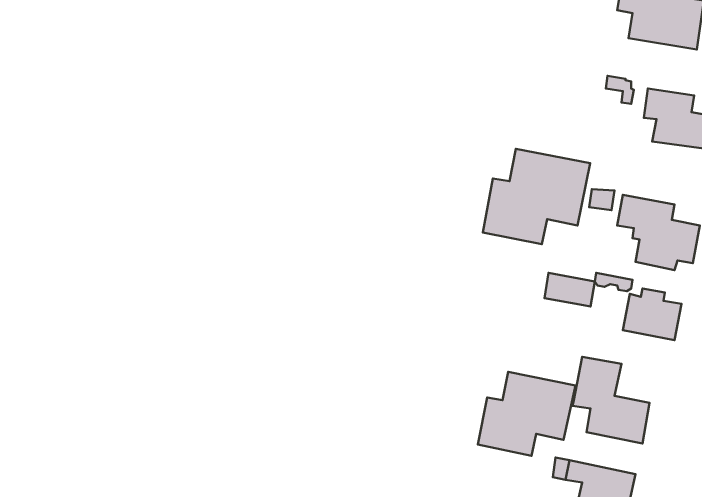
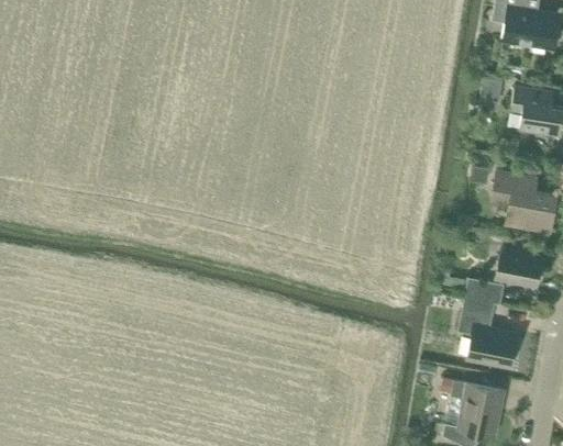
building: [483,149,590,244] -> none
building: [544,273,595,307] -> [465,278,505,304]
building: [478,372,575,456] -> none

